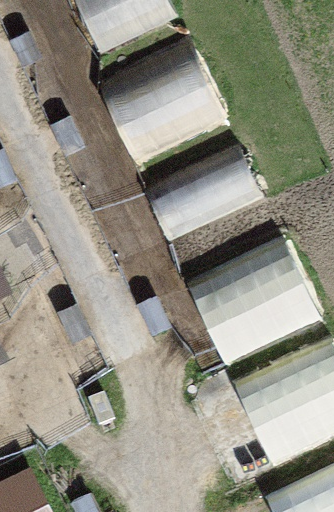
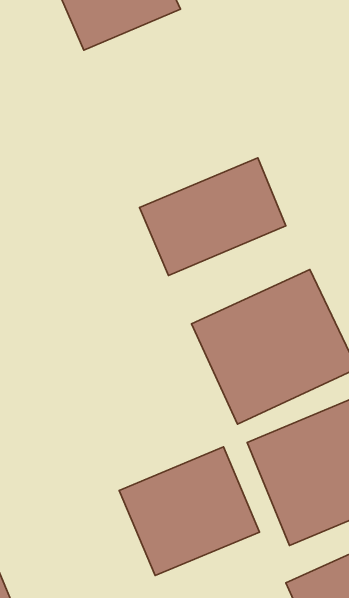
building: [95,36,227,160] -> none
building: none -> [119,447,259,576]

